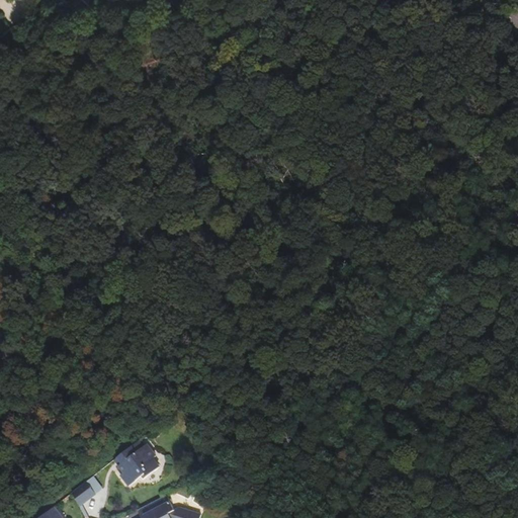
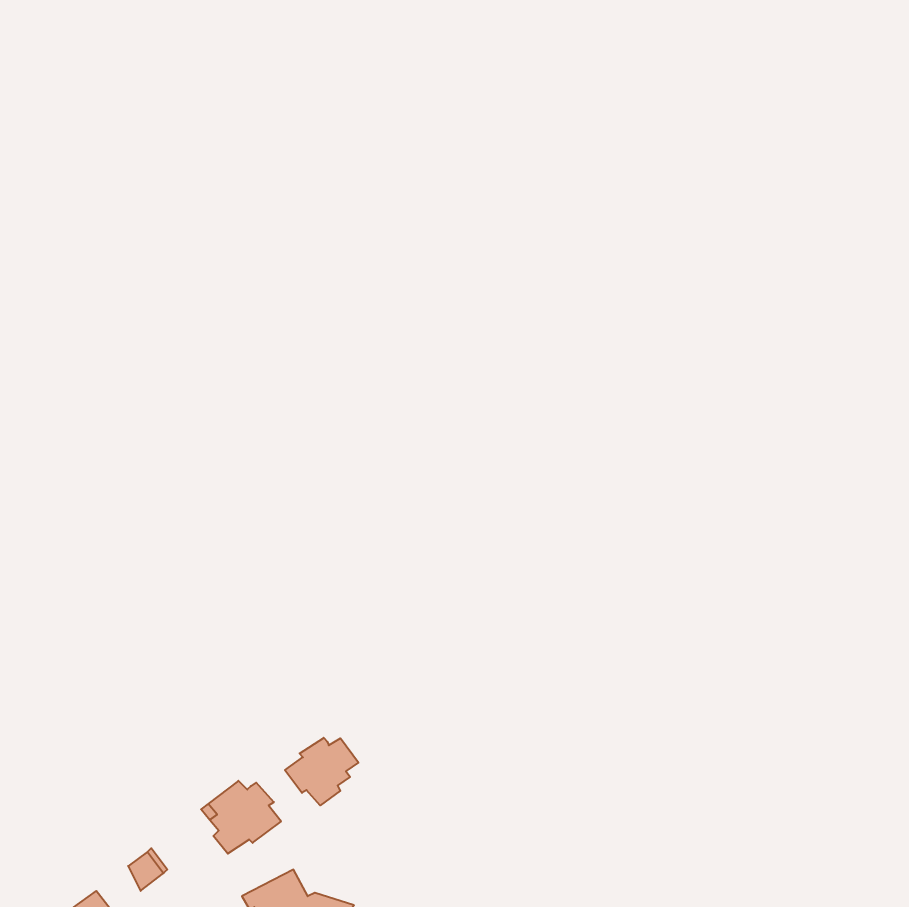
building: none -> [285,738,358,805]

